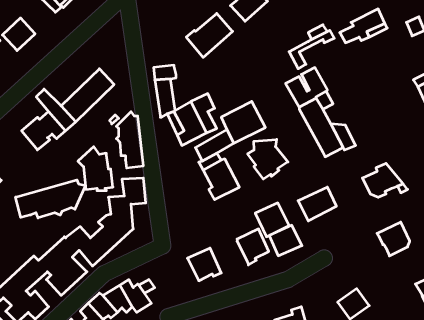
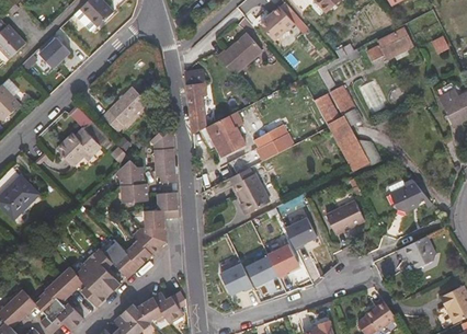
building: [248,139,288,179] -> none
building: [16,180,85,218] -> none
building: [269,225,302,256] -> [244,254,276,284]

